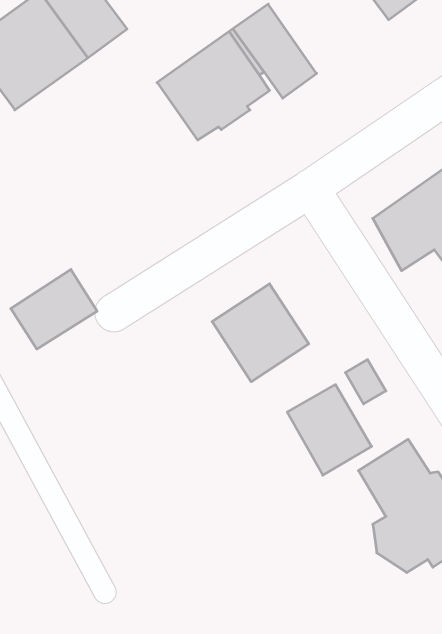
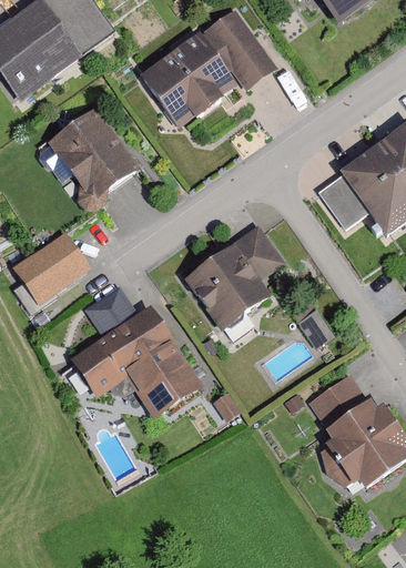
building: none -> [49,105,138,207]
building: none -> [233,225,282,278]
building: none -> [70,291,207,425]
building: [287,385,372,475] -> none

